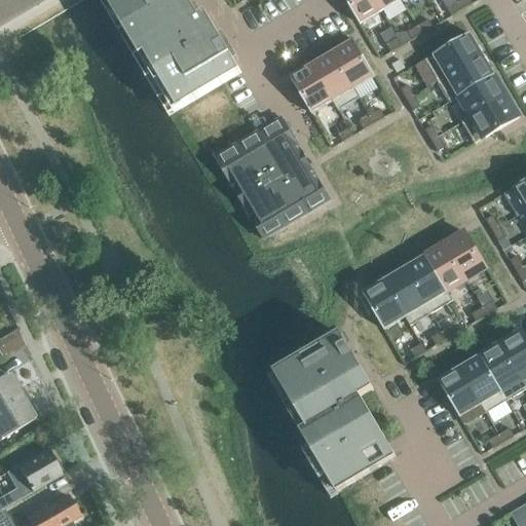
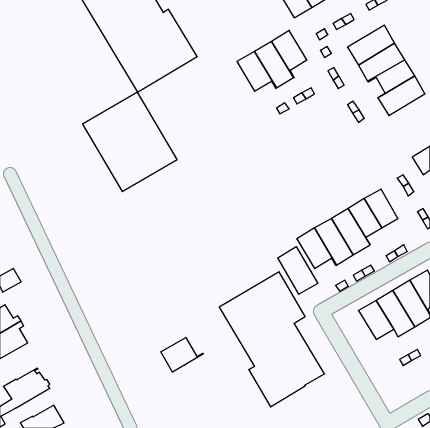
building: [214,115,329,236] -> [83,92,177,192]
building: none -> [278,247,318,294]
building: none -> [161,337,203,372]

